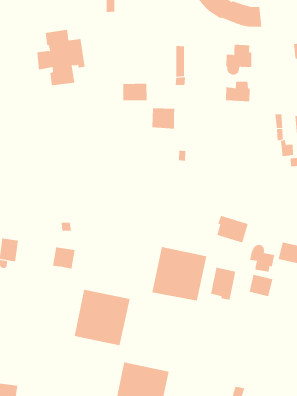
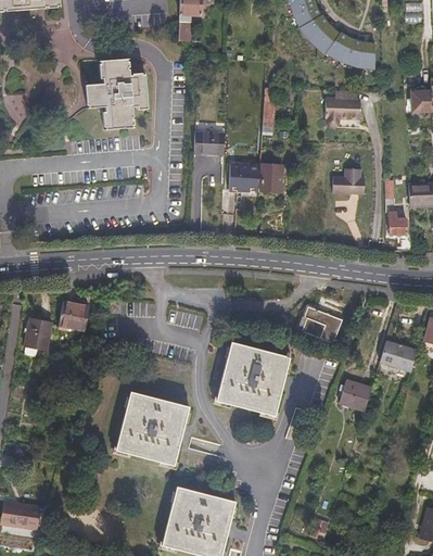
building: [225,81,250,102] -> [330,169,362,197]
building: none -> [258,164,282,193]
building: [250,244,275,273] -> none
building: [52,247,75,269] -> [60,302,90,331]
building: [210,267,236,300] -> none

